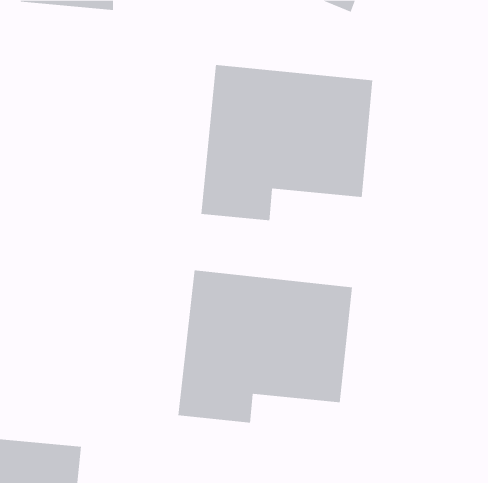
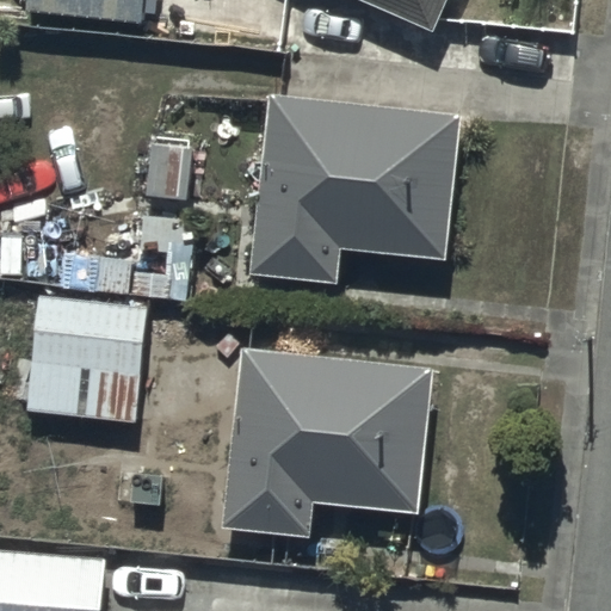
building: none -> [23,296,147,424]

